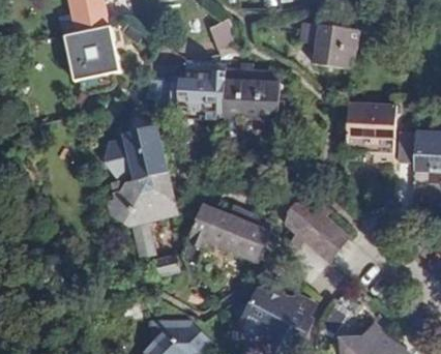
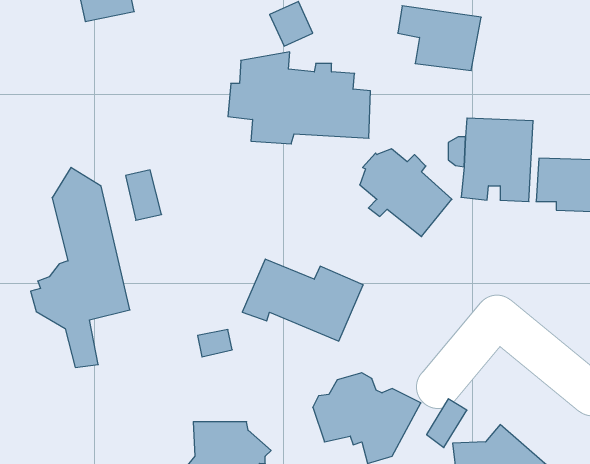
building: [63,26,121,81] -> none
building: [107,112,178,256] -> [31,167,130,367]
building: [284,199,350,262] -> [360,149,452,237]

